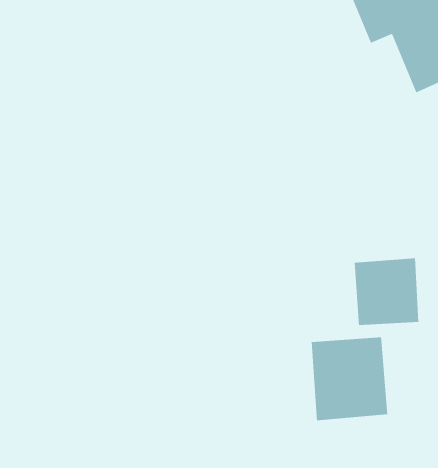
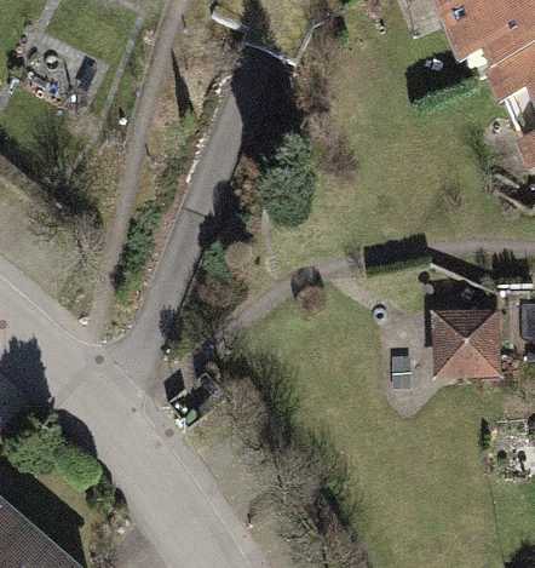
building: [311,336,388,421] -> none

